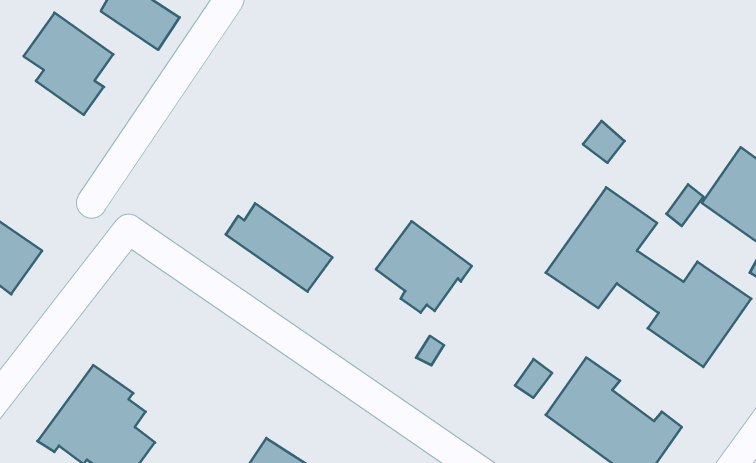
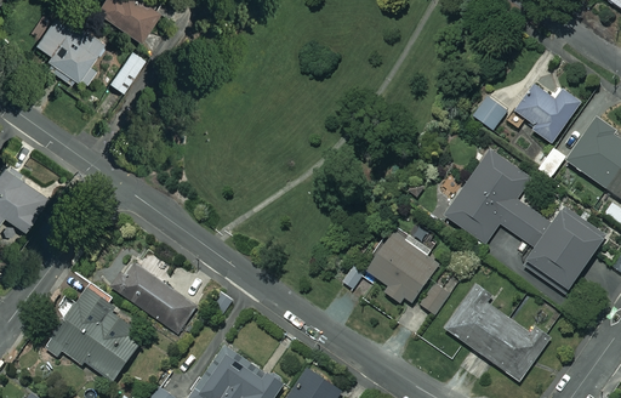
building: none -> [109,51,146,92]
building: none -> [517,84,581,143]
building: [226,203,332,292] -> [113,262,196,331]
building: [376,221,472,313] -> [365,231,440,302]

